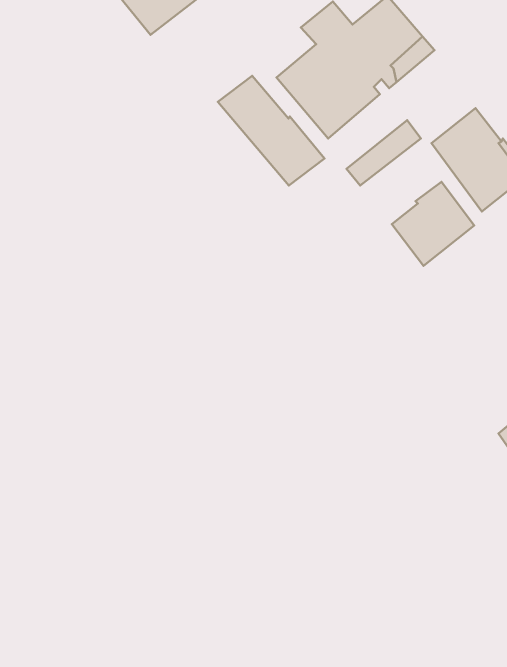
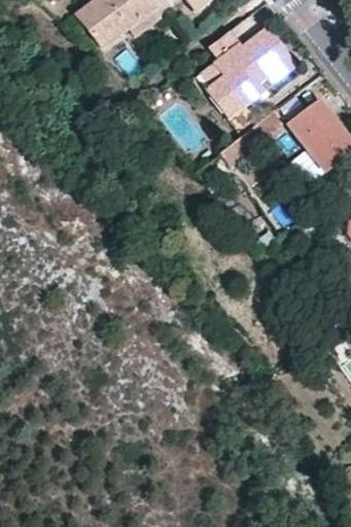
building: [218,76,325,185] -> none
building: [392,182,474,266] -> none

